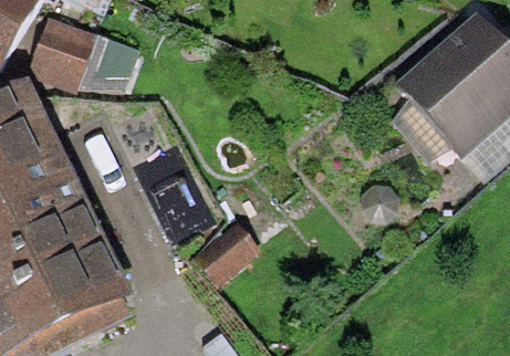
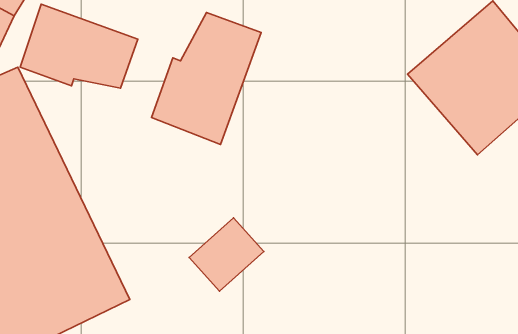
building: none -> [151,12,261,144]

